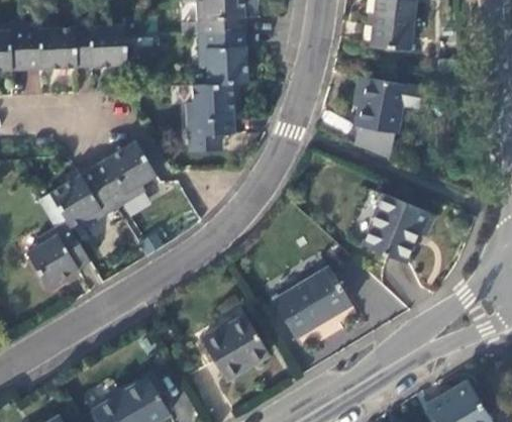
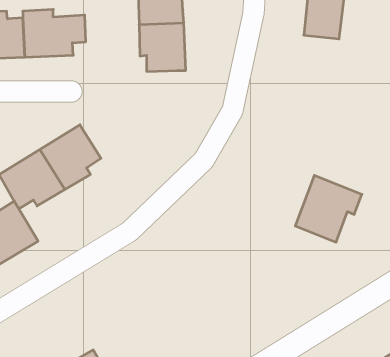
building: [353,77,420,157] -> none
building: [186,83,240,152] -> none
building: [273,268,351,339] -> none
building: [200,315,269,382] -> none

